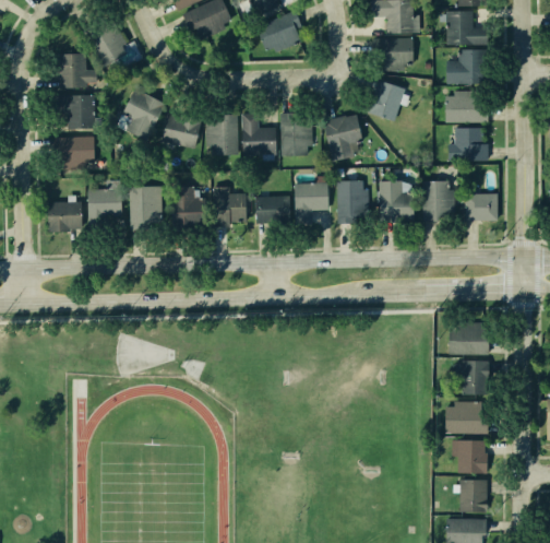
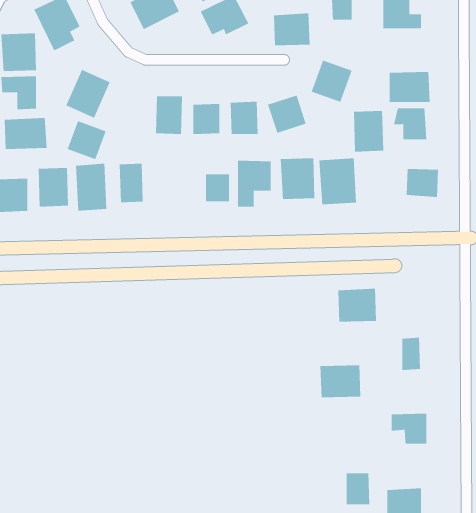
building: [374,37,412,71] -> [273,13,310,46]
building: [444,49,478,84] -> none
building: [160,109,201,150] -> [67,120,106,160]
building: [427,179,458,222] -> [353,110,384,152]
building: [211,185,250,227] -> none
building: [450,321,490,356] -> [338,288,377,322]
building: [444,401,487,435] -> [320,365,361,398]
building: [464,479,489,511] -> [346,473,370,505]

